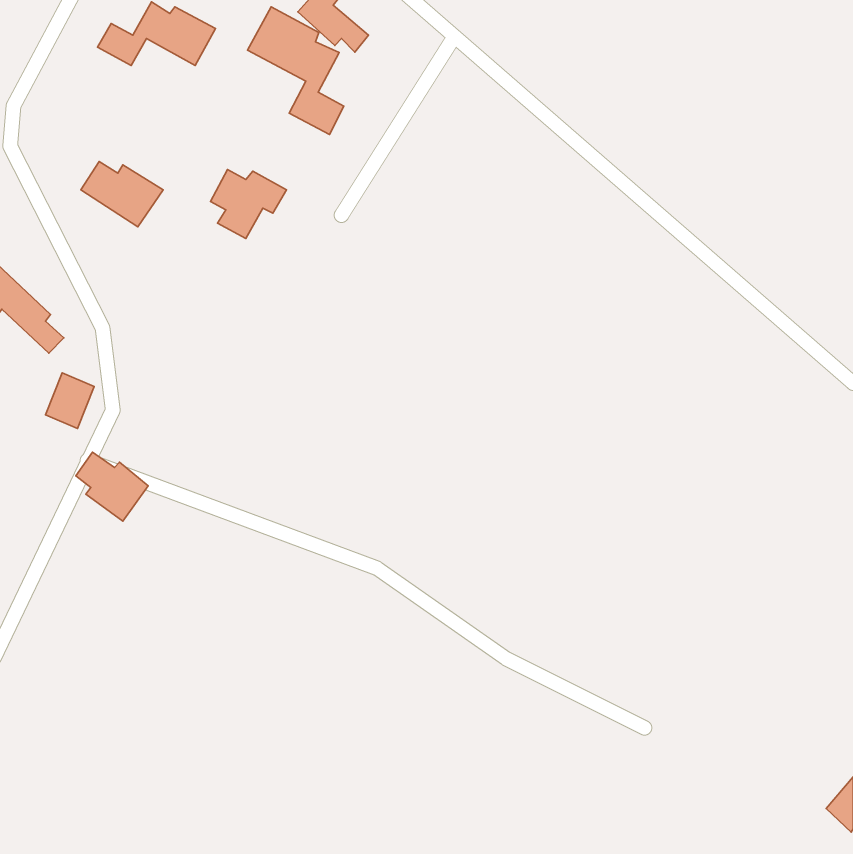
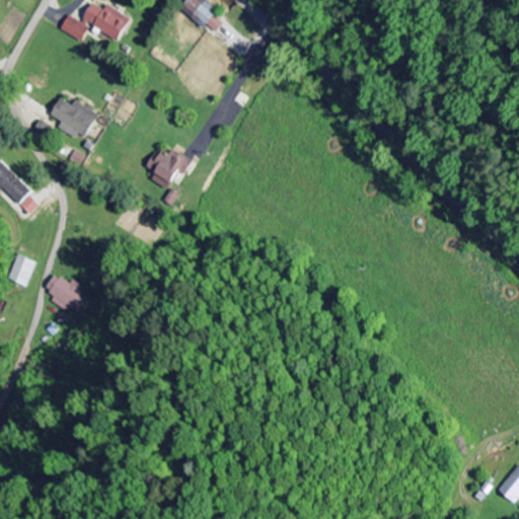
building: [248,7,344,134] -> none
building: [211,170,286,238] -> [146,147,192,189]
building: [45,373,94,428] -> [6,252,35,286]

